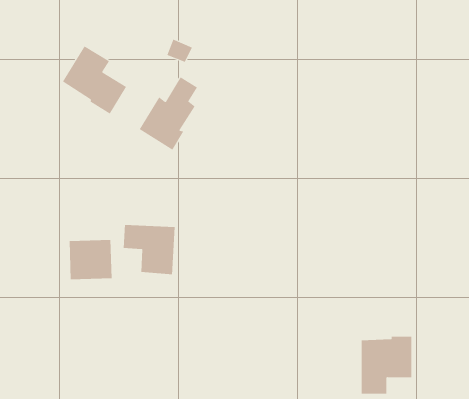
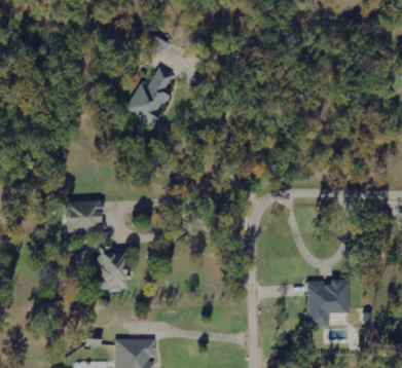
building: [62,45,127,114] -> none
building: [123,224,175,275] -> [86,250,130,291]

